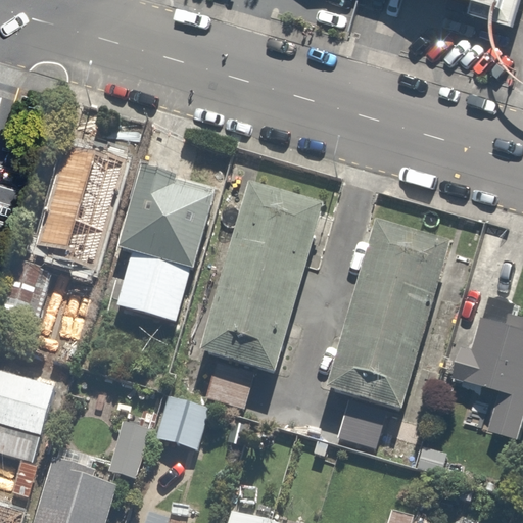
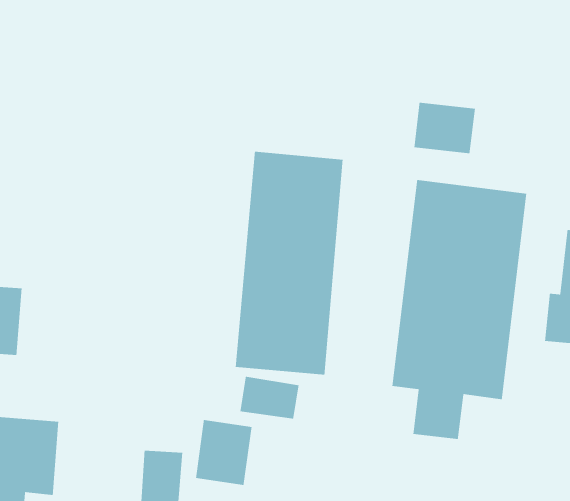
building: [36,138,130,272] -> none
building: [117,168,215,326] -> none
building: none -> [413,102,476,154]

